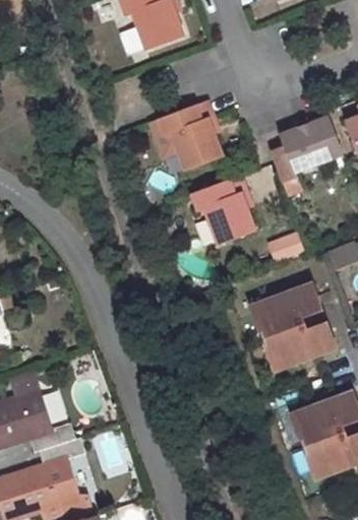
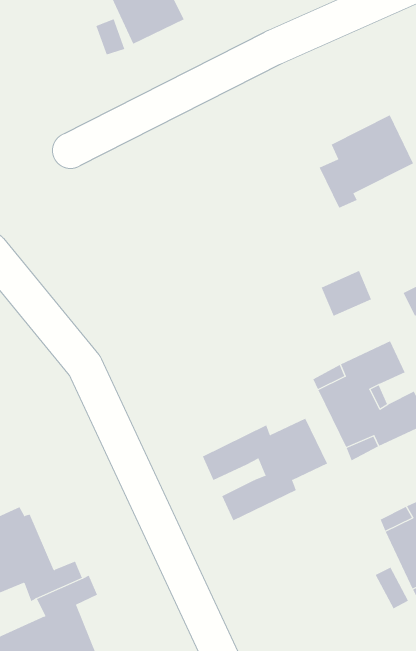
building: [158,101,223,170] -> none
building: [191,172,254,241] -> none
building: none -> [202,418,328,521]

